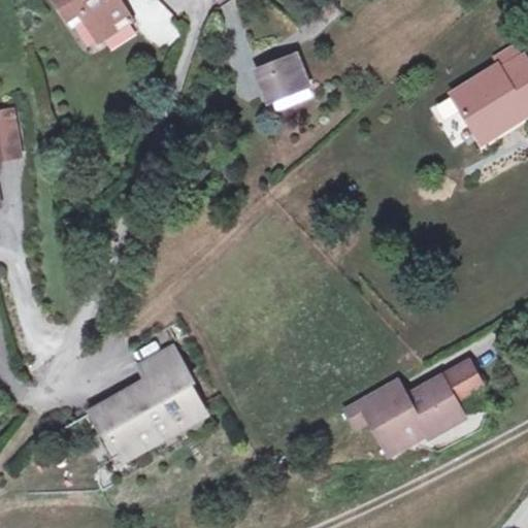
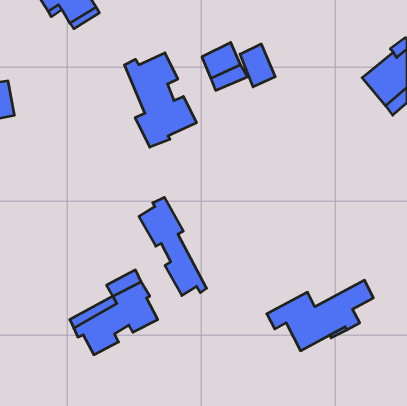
building: none -> [240,44,275,87]
building: none -> [124,53,196,147]
building: none -> [139,197,207,296]

